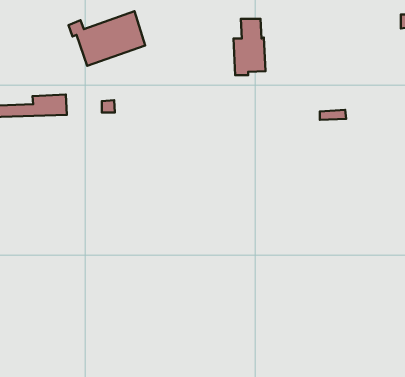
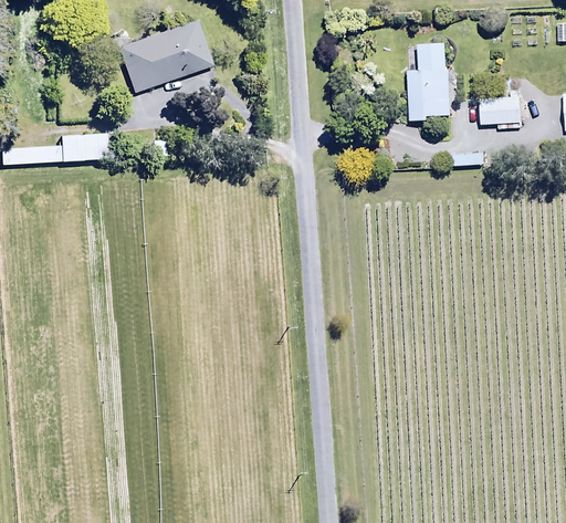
building: [234,19,265,75] -> [407,44,450,121]
building: none -> [480,97,521,129]

